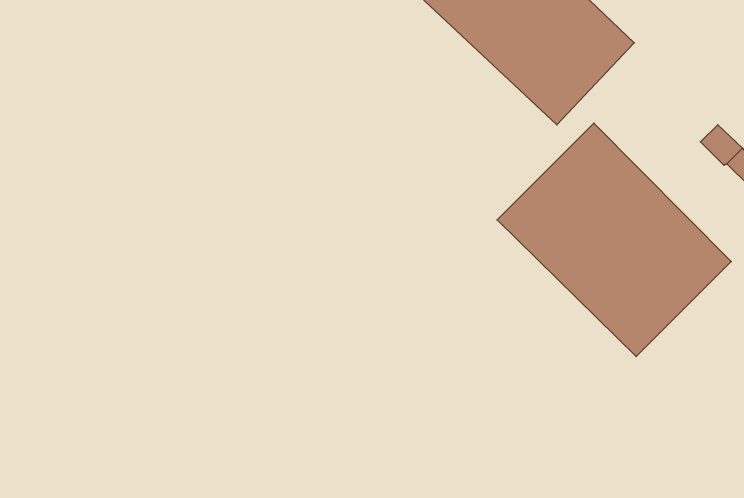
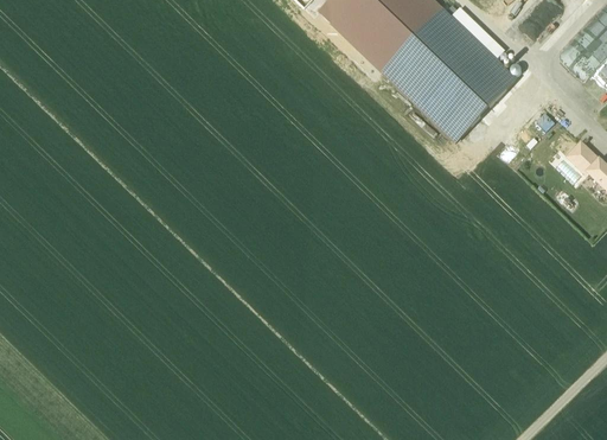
building: [497,123,731,356] -> none

